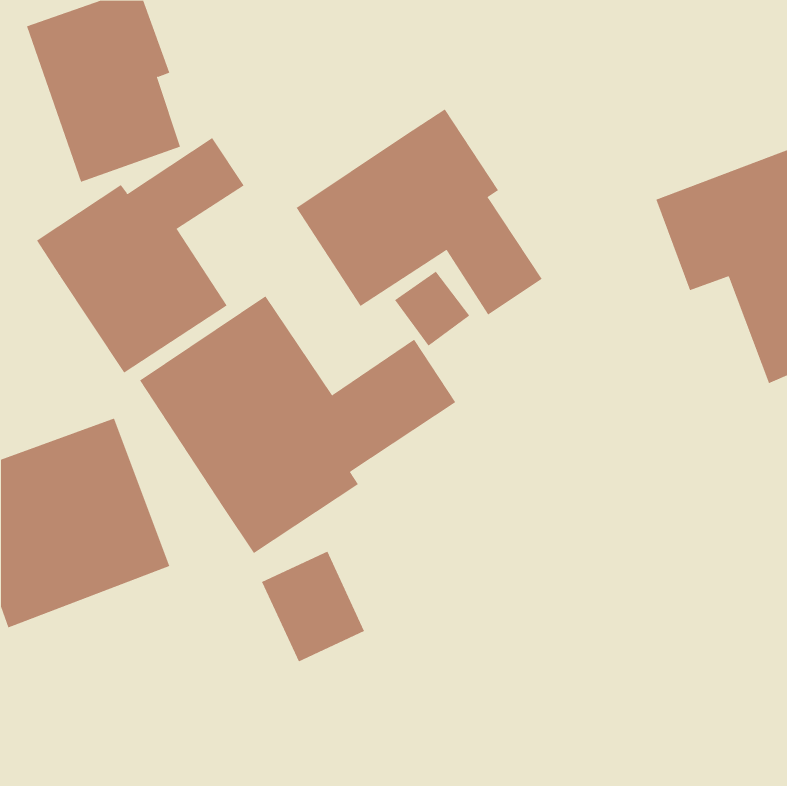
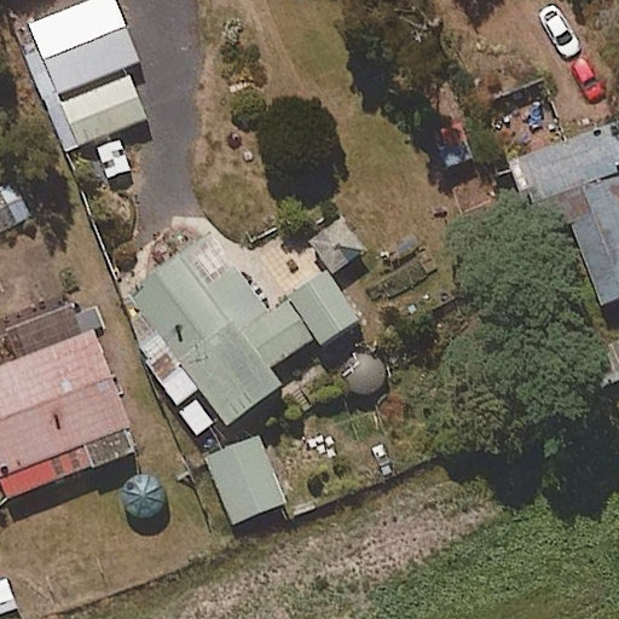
building: [296,109,543,316] -> none
building: [36,137,245,373] -> none

